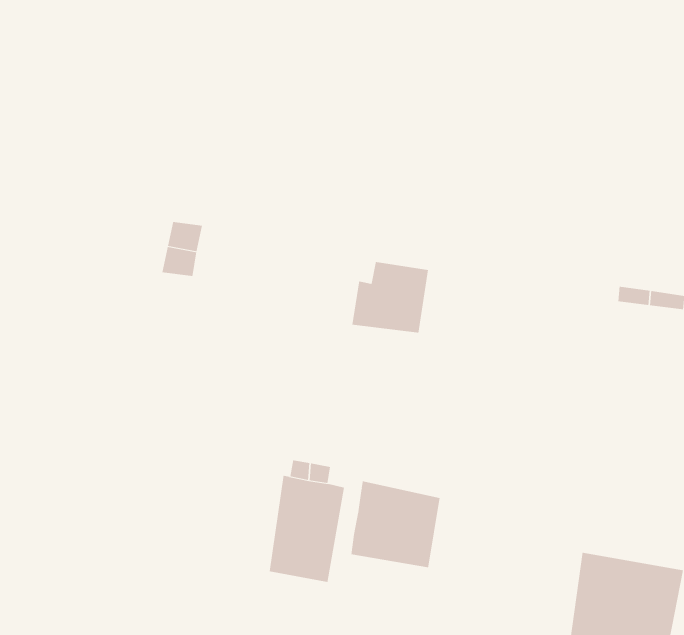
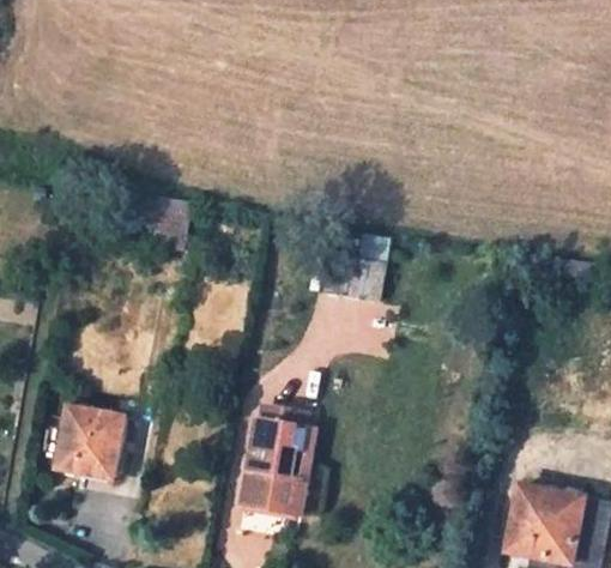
building: none -> [54,404,121,479]
building: [351,480,440,568] -> none

